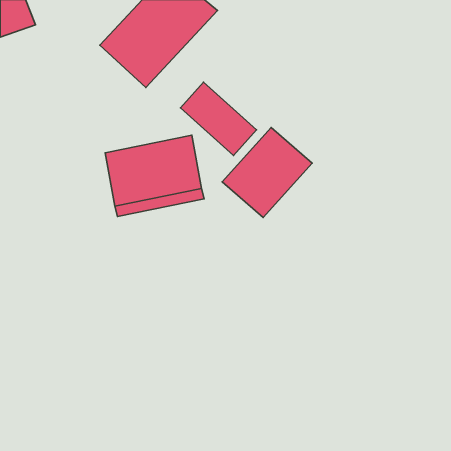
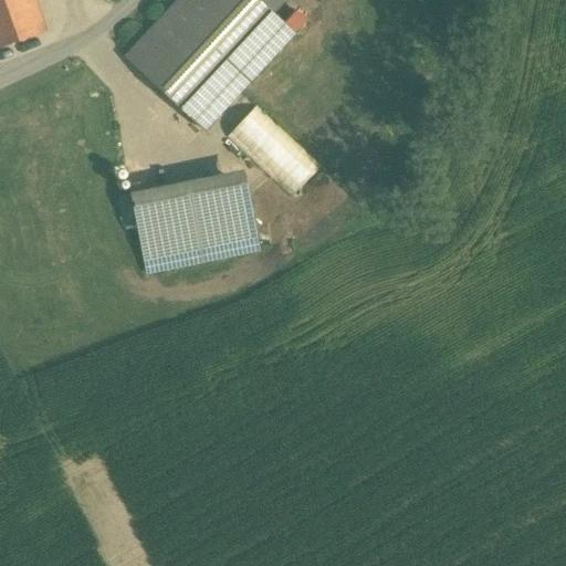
building: none -> [184,13,294,129]
building: [222,128,312,218] -> none

